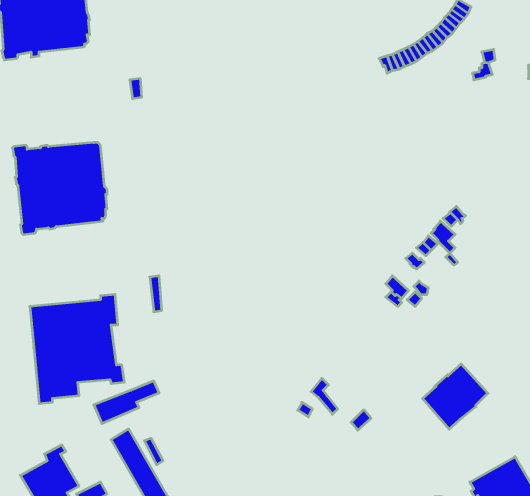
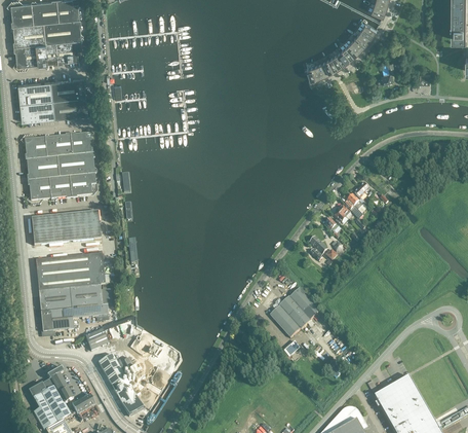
building: none -> [17,77,87,120]
building: none -> [31,211,101,245]
building: [423,364,488,429] -> [270,287,320,337]

